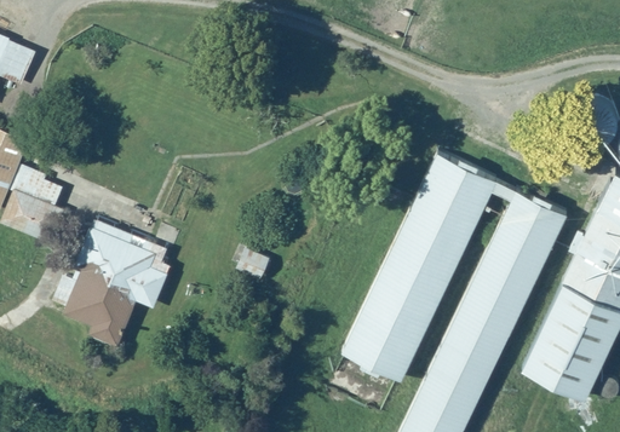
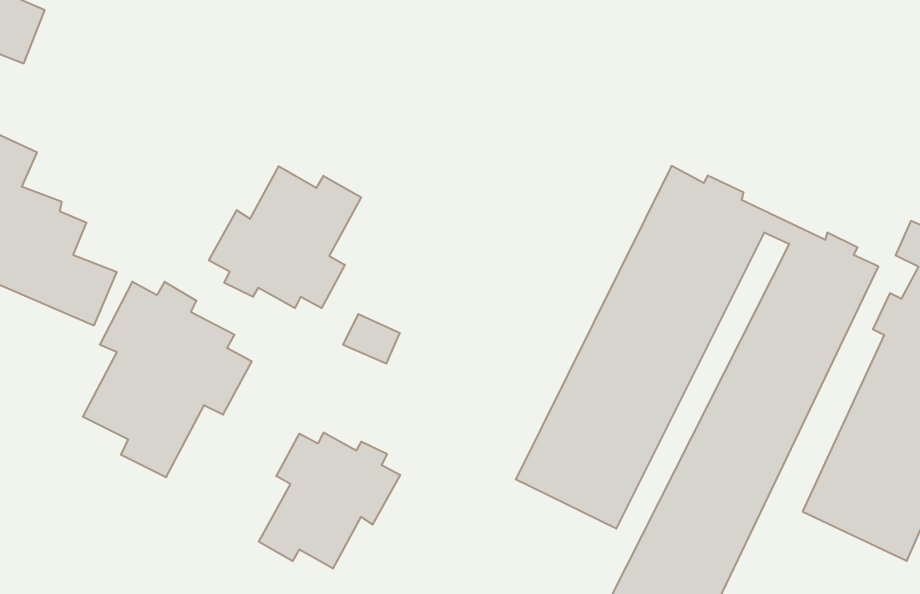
building: none -> [209,166,361,308]
building: none -> [259,432,400,569]

